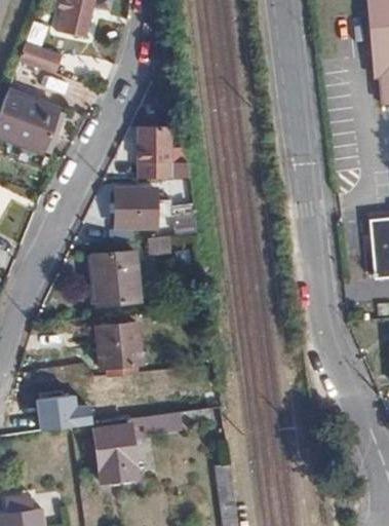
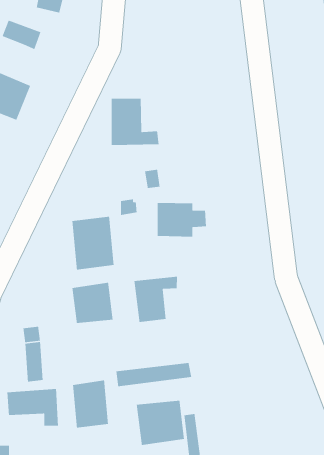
building: [115,187,168,225] -> [157,202,207,237]
building: none -> [133,276,178,323]
building: none -> [7,388,59,427]
building: none -> [136,400,185,446]

